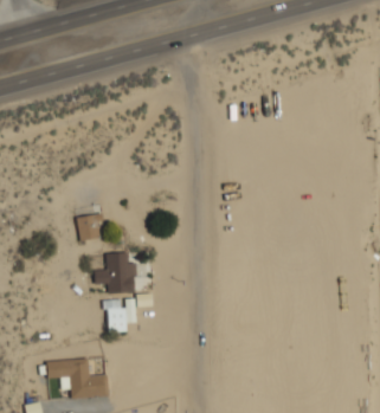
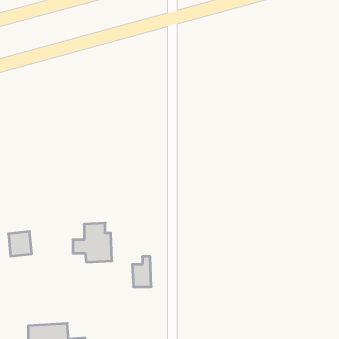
building: [77,214,102,240] -> [8,232,32,256]
building: [108,299,128,331] -> [132,257,151,287]

